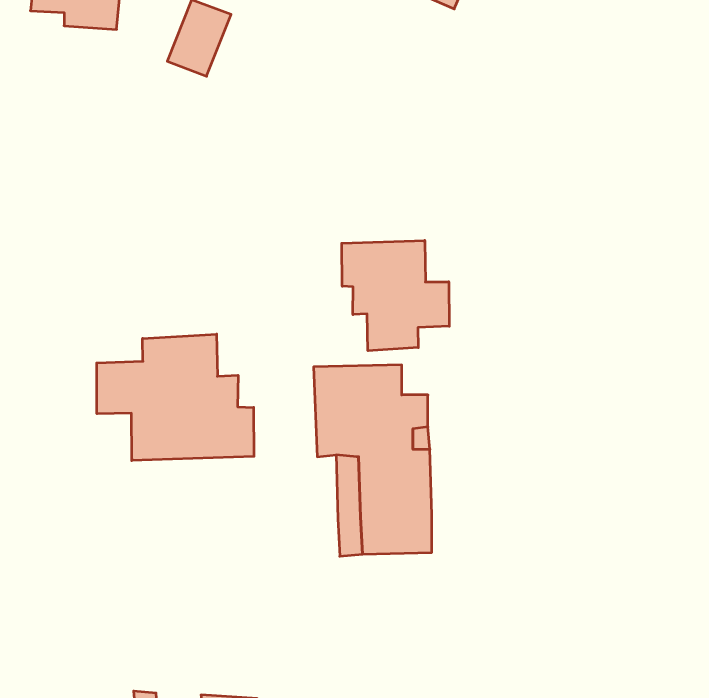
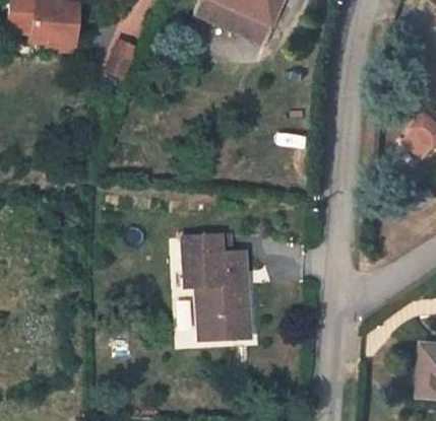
building: [342,240,449,351] -> none
building: [97,334,254,461] -> none

